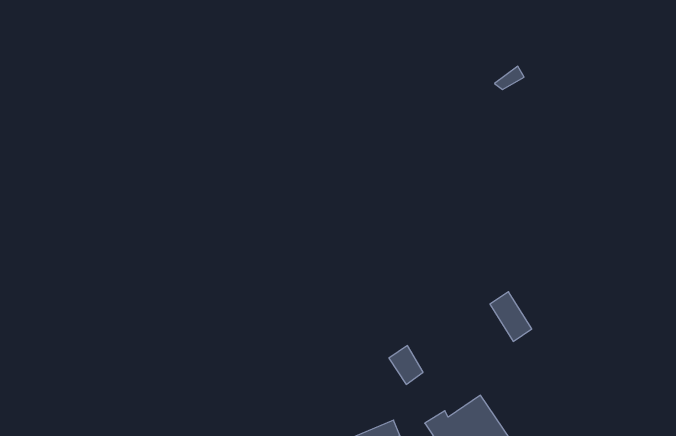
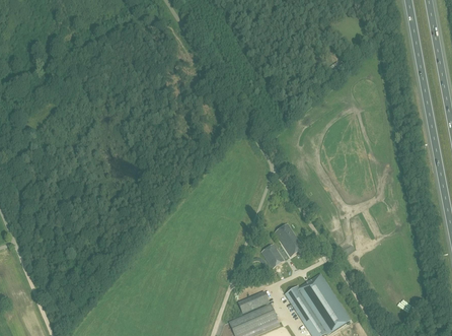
building: [490,292,532,341] -> [276,223,303,256]

